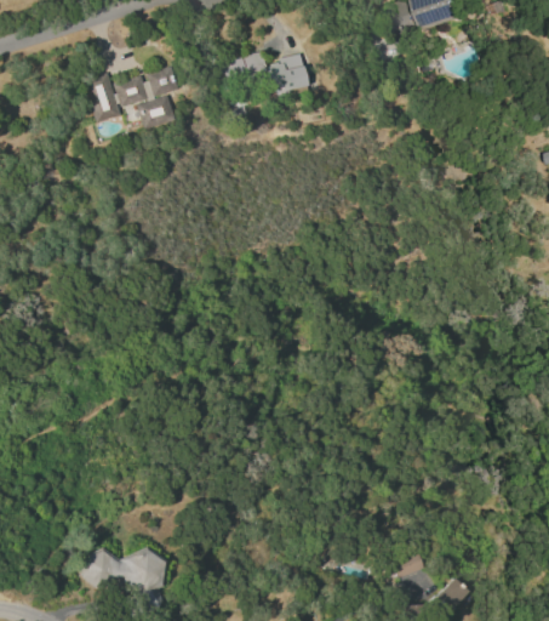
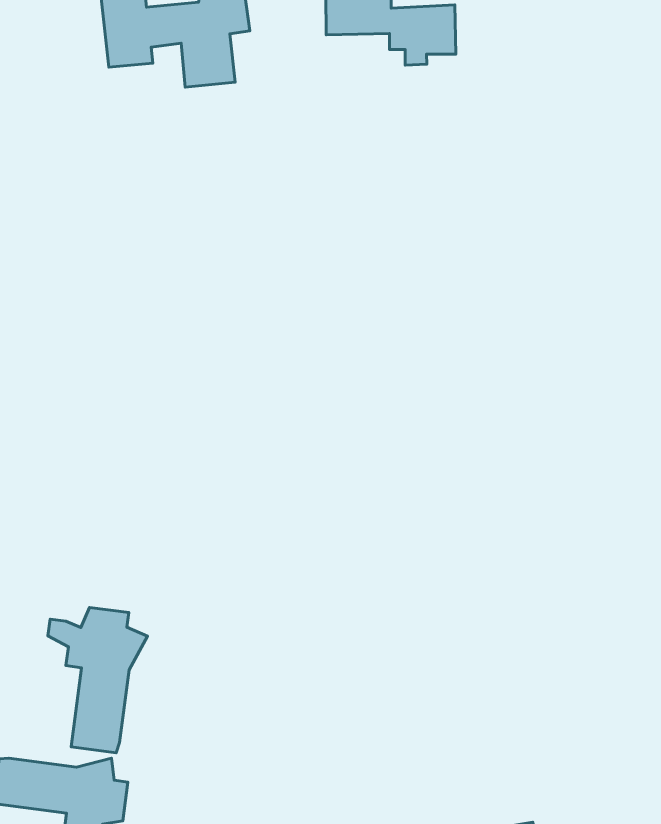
building: none -> [48,607,148,753]

